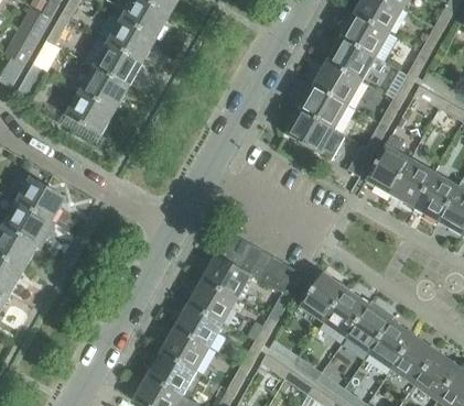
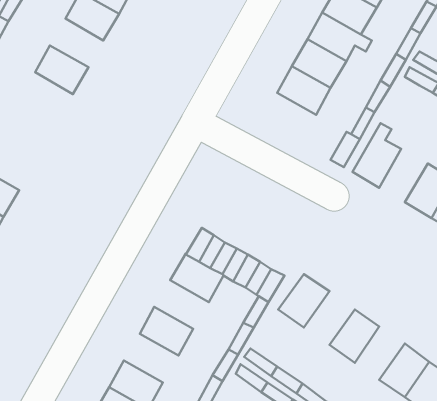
building: [85,37,141,86] -> none
building: [65,90,114,135] -> none
building: [284,109,345,160] -> none
building: [391,160,435,208] -> none
building: [187,278,237,322] -> none
building: [323,288,369,337] -> none
building: [369,320,414,369] -> none
building: [160,327,209,371] -> none

